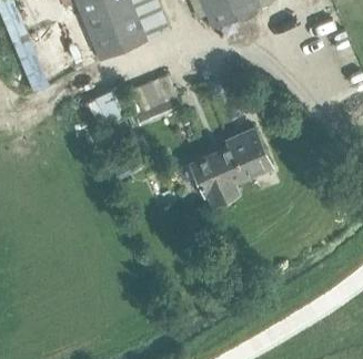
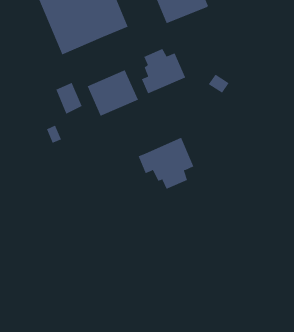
building: none -> [141,48,188,94]
building: [226,131,270,180] -> none

